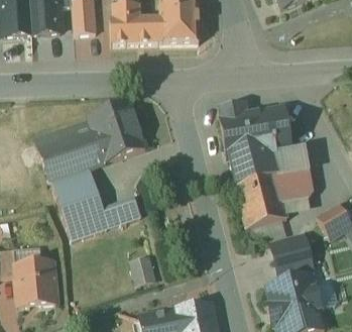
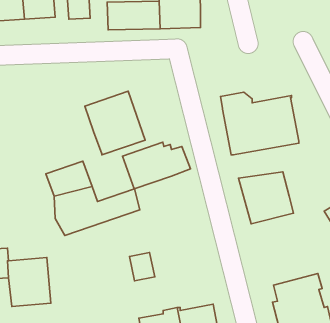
building: [40,135,105,180] -> [123,142,190,189]
building: [230,146,314,201] -> none
building: [271,233,313,275] -> none

